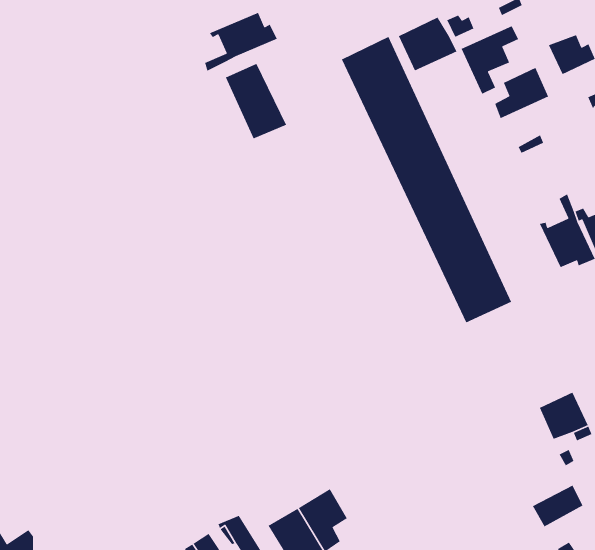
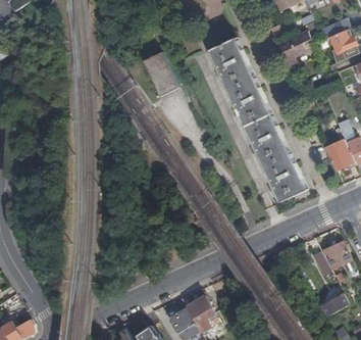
building: [204,12,278,72] -> none
building: [398,16,457,72] -> none
building: [494,67,549,119] -> none

